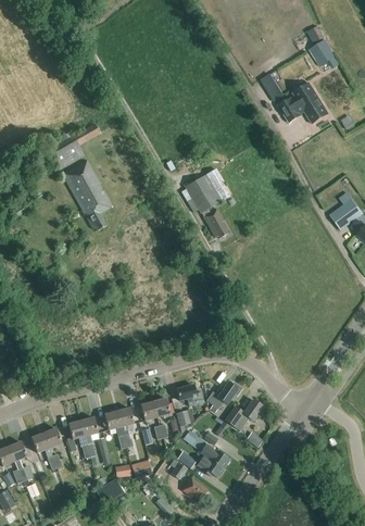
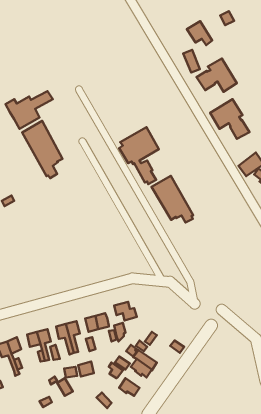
building: [309,39,340,68] -> [187,21,212,45]
building: none -> [210,99,250,139]
building: none -> [151,176,193,222]
building: [206,381,241,409] -> none
building: [225,399,263,429] -> none

